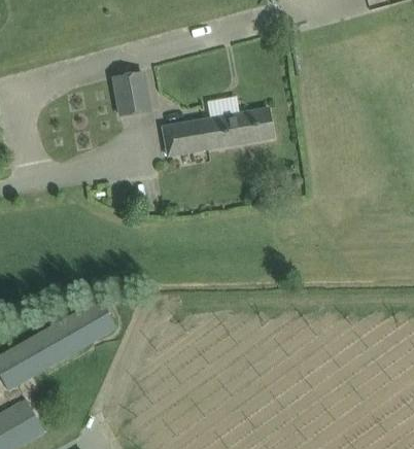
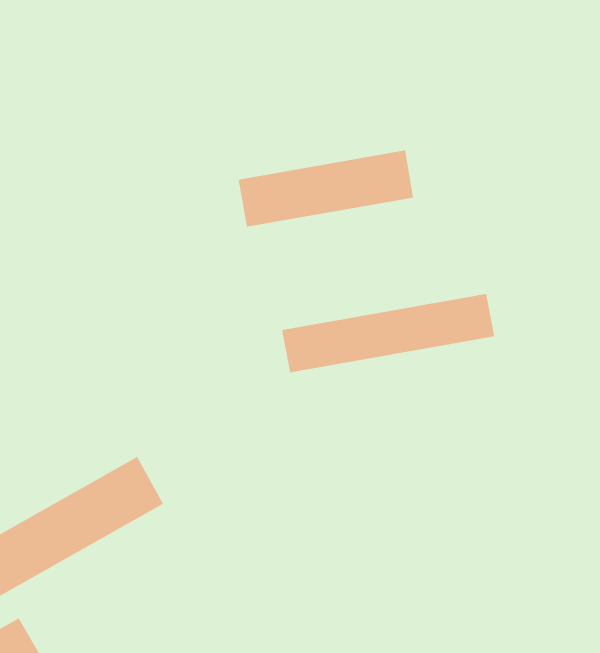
building: [114,72,149,115] -> none
building: none -> [282,293,495,373]

